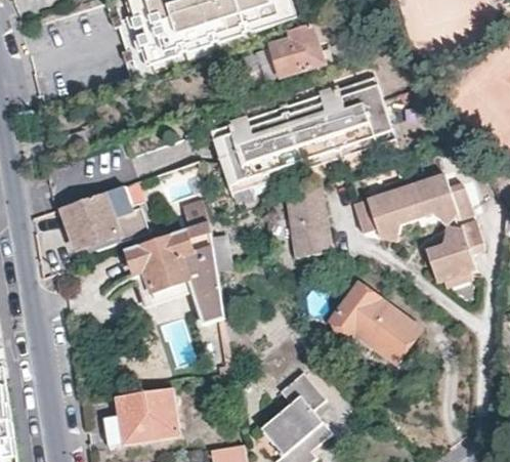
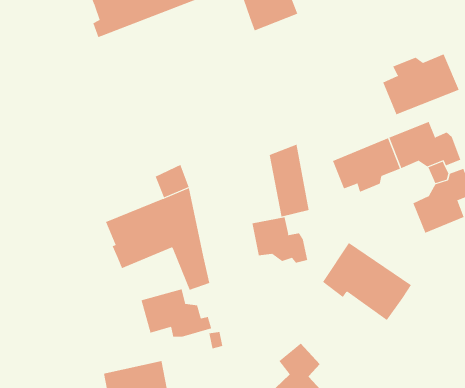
building: [208,76,392,194] -> none
building: none -> [382,53,459,115]
building: [63,188,147,249] -> none
building: none -> [252,216,308,264]
building: none -> [141,289,212,338]

